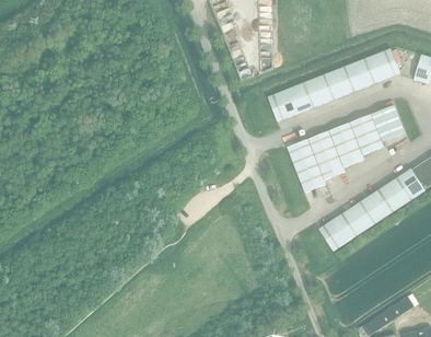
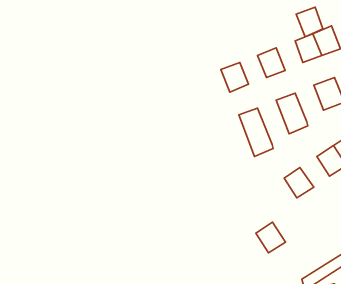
building: [328,65,358,97] -> [296,7,323,37]
building: [288,81,317,113] -> none
building: [349,114,383,154] -> none
building: [307,130,345,179] -> none
building: [354,193,387,226] -> none
building: [318,217,351,251] -> [256,222,285,253]

